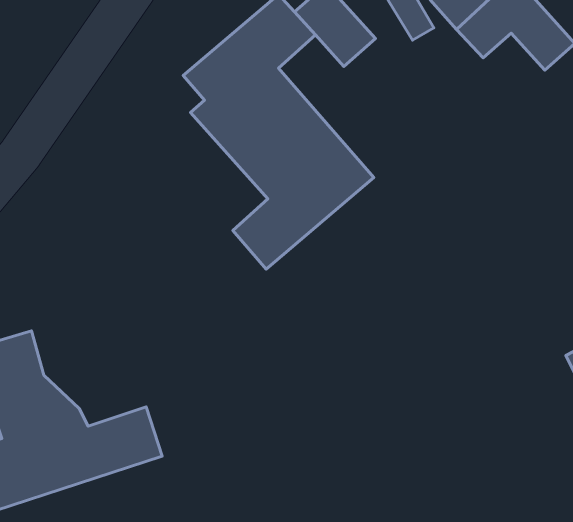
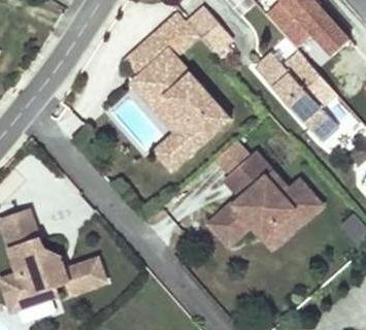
building: none -> [255,51,339,140]
building: none -> [204,139,323,250]

